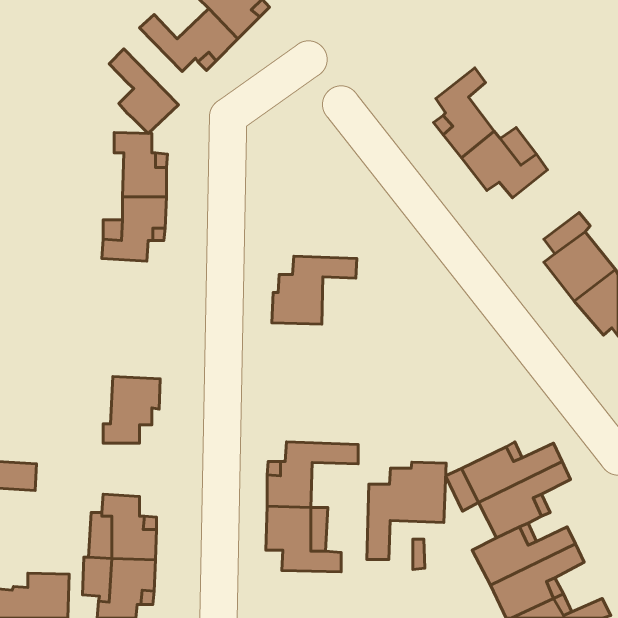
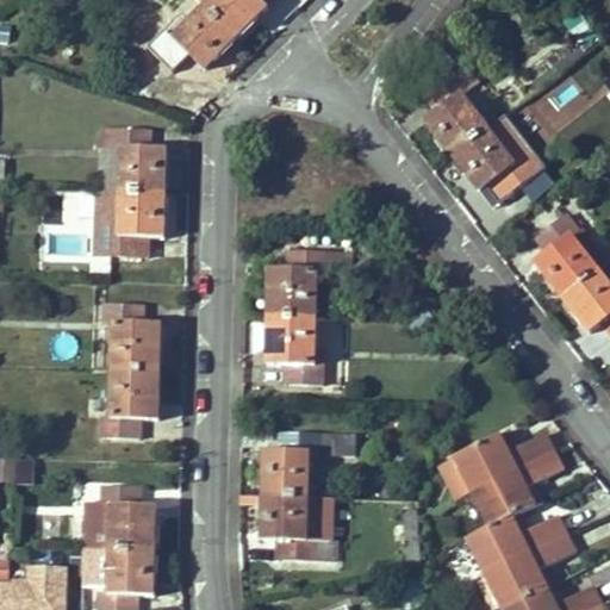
building: [109,49,179,133] -> none
building: none -> [104,304,158,372]
building: none -> [266,317,323,384]
building: [367,462,446,560] -> none

